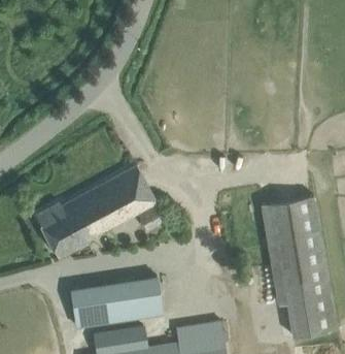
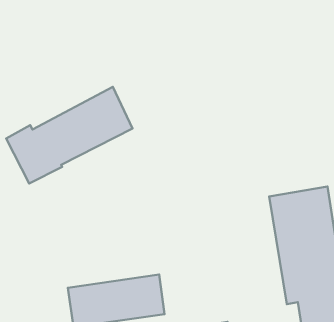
building: [37,167,156,258] -> [6,87,133,183]

